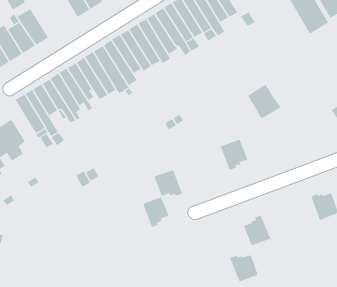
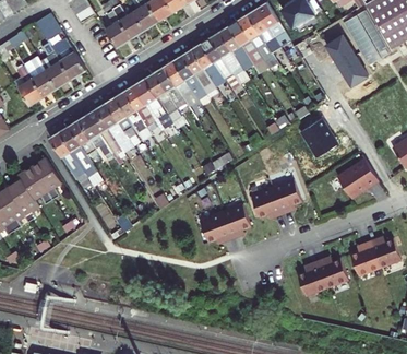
building: none -> [324,35,367,86]
building: none -> [335,158,376,197]
building: none -> [250,187,280,217]
building: [142,197,170,228] -> [220,204,250,238]
building: none -> [349,241,379,275]
building: [229,255,258,282] -> [315,258,347,287]

